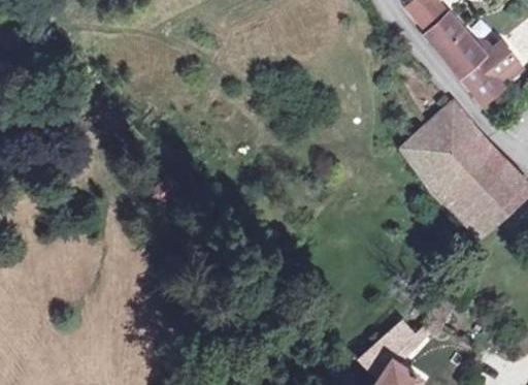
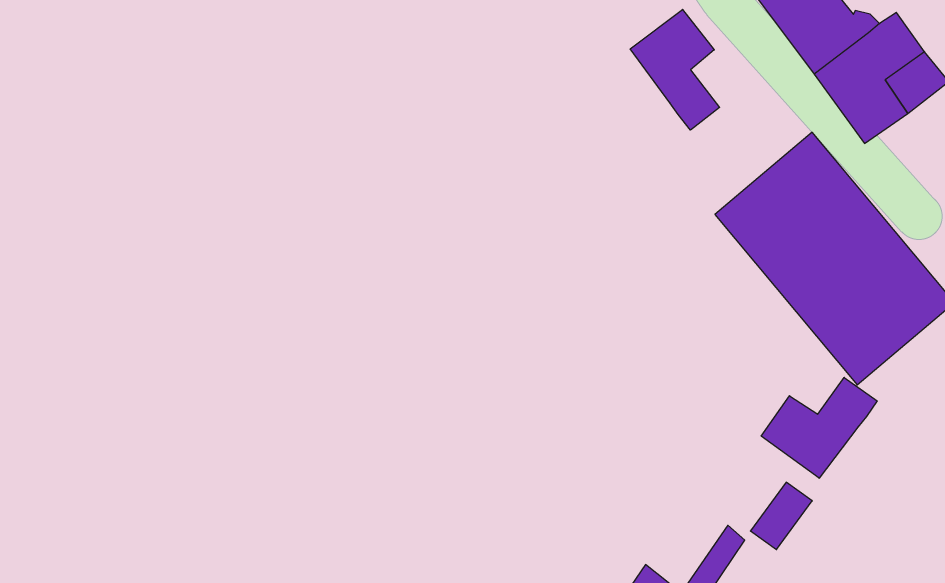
building: none -> [630,9,720,130]
building: none -> [761,377,877,478]

